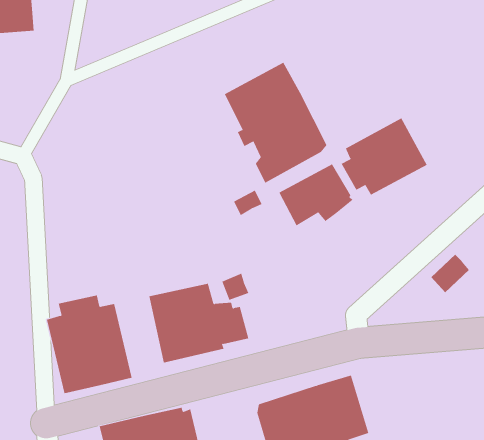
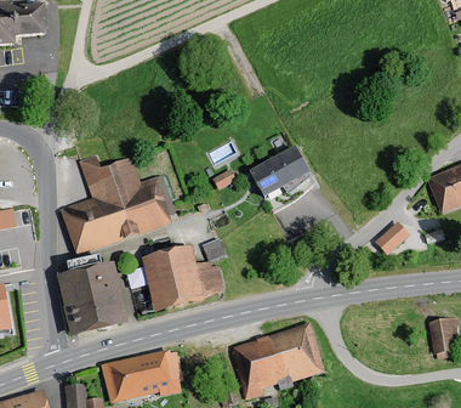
building: [224,62,327,184] -> none
building: [341,118,427,196] -> none
building: none -> [61,153,176,255]

